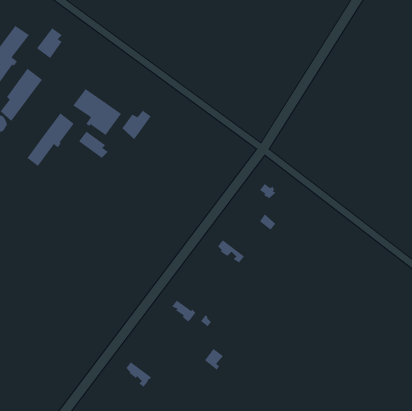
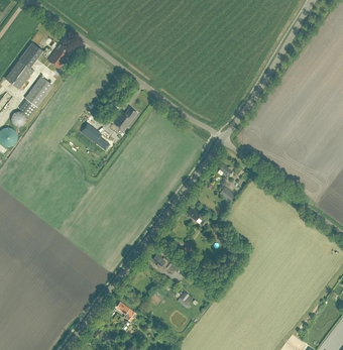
building: [73,88,122,136] -> none
building: [26,113,75,167] -> none

